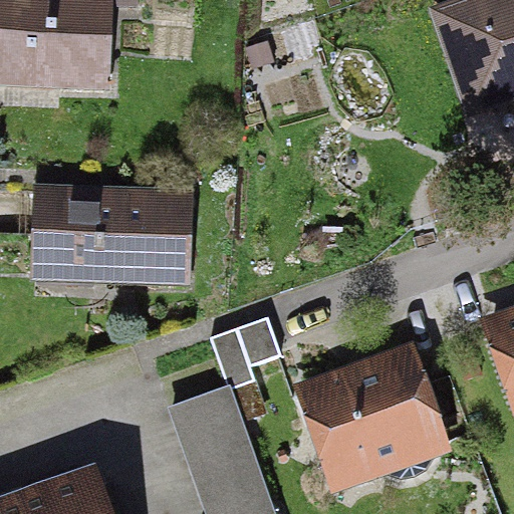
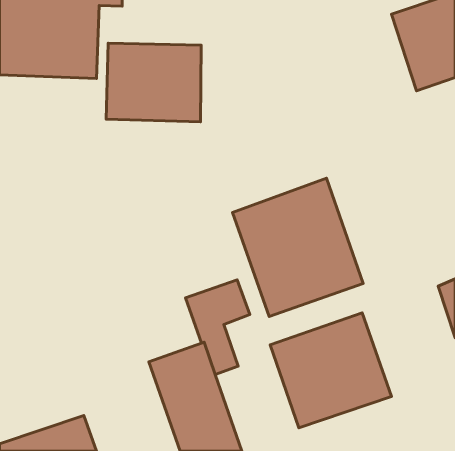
building: none -> [106,43,201,122]
building: [29,185,192,285] -> none
building: none -> [232,178,363,316]

